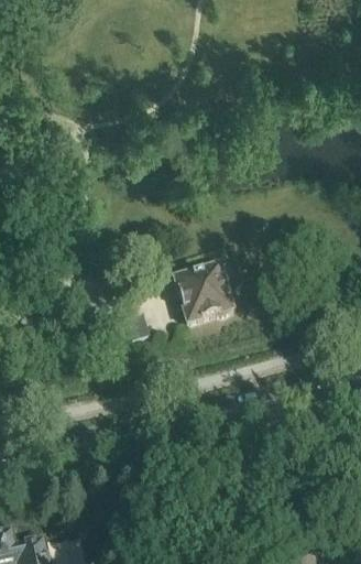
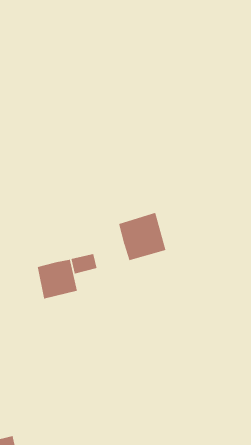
building: none -> [37,259,78,299]

